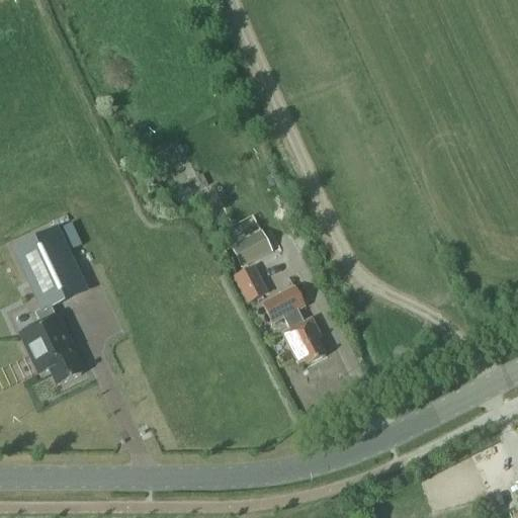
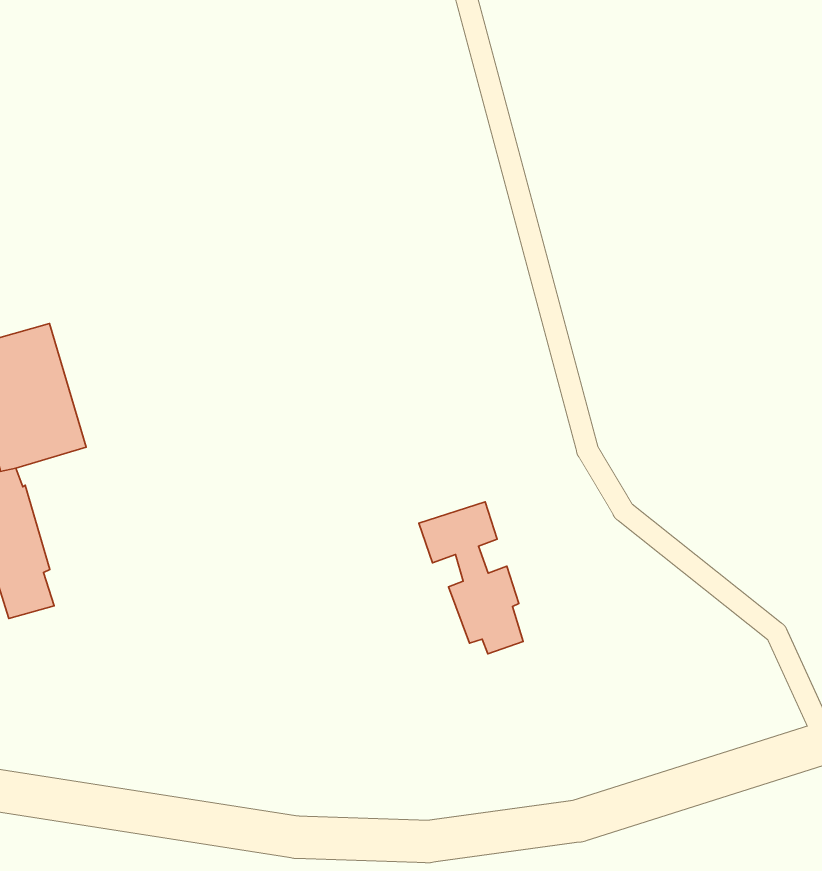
building: [231,222,273,264] -> none
building: [235,264,266,298] -> none

